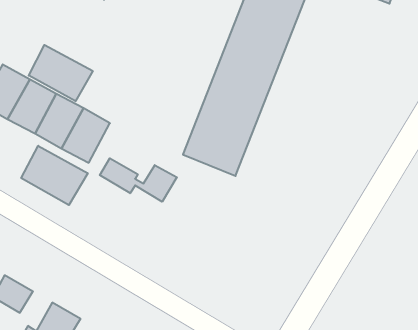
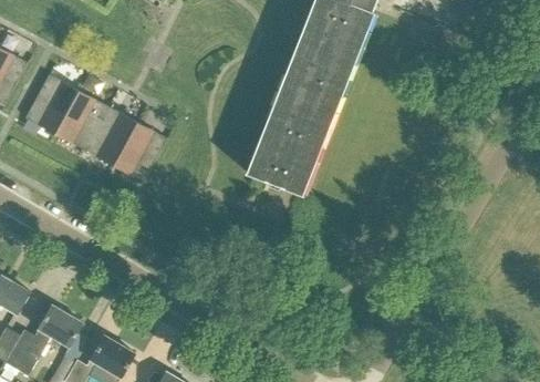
building: [29,45,93,101] -> none
building: [21,146,88,205] -> none
building: [100,158,177,202] -> none

